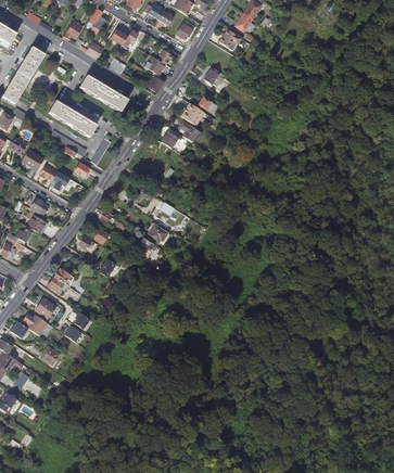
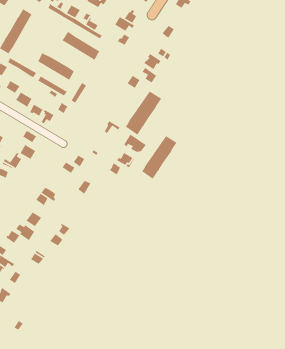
building: none -> [125,90,162,136]
building: none -> [141,135,177,180]

